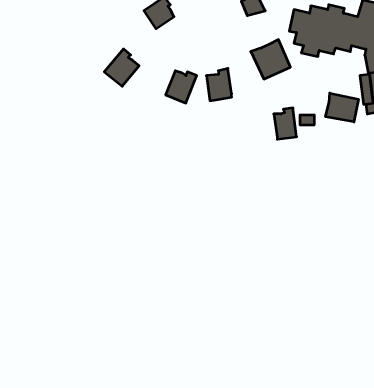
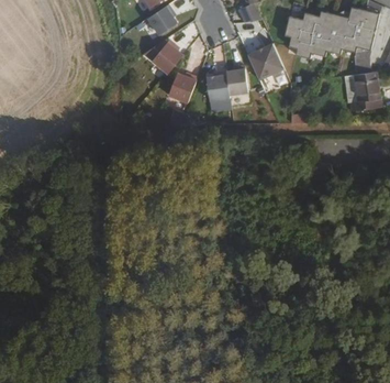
building: [104,49,139,86] -> [152,40,183,74]
building: [326,93,358,122] -> none
building: [274,108,297,139] -> [226,65,247,94]

